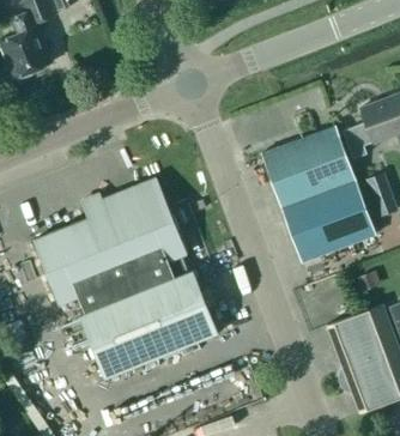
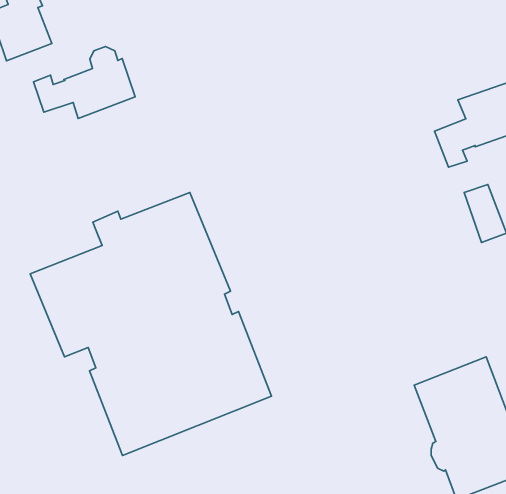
building: none -> [33,47,135,119]
building: [262,127,375,262] -> none

